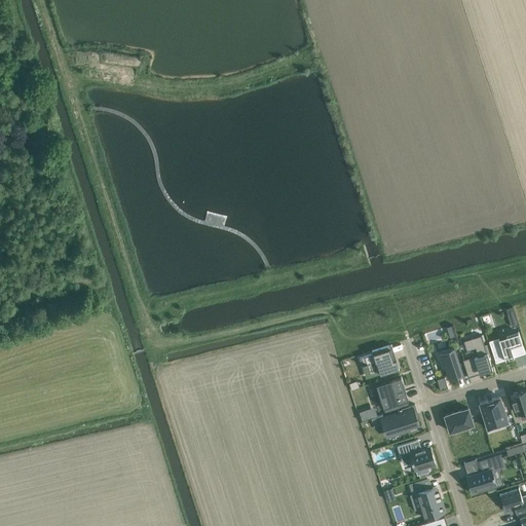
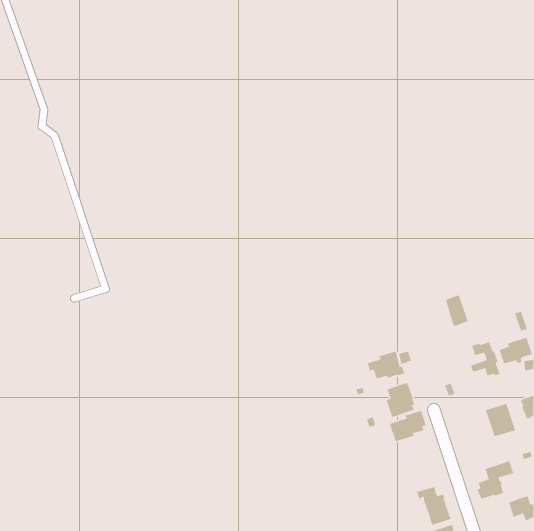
building: [440,349,463,381] -> [445,294,469,327]
building: [445,409,474,434] -> none
building: [398,441,436,476] -> none

